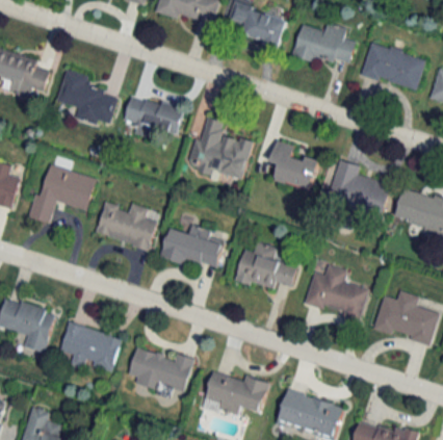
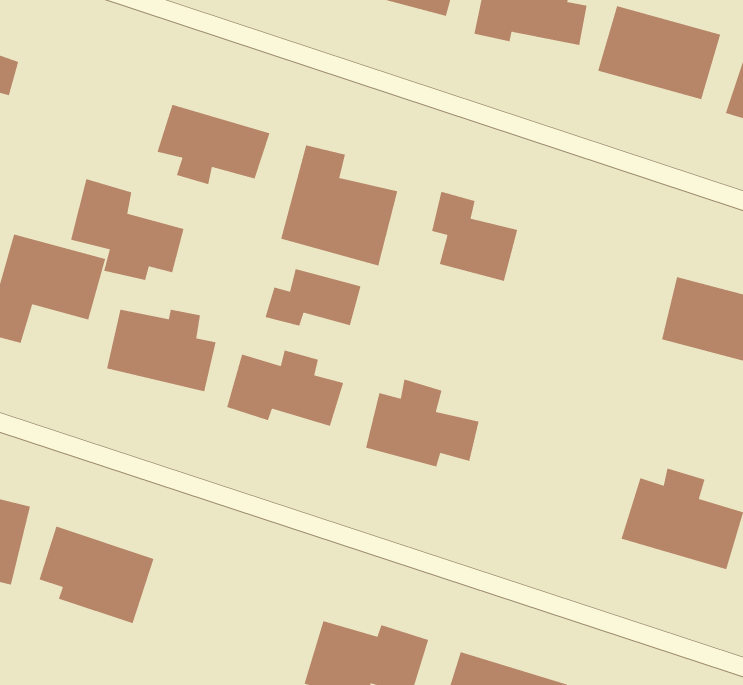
building: [56,69,118,124] -> [70,178,184,281]
building: [325,159,391,218] -> none
building: none -> [265,268,362,327]
building: [304,265,368,319] -> none
building: [128,348,192,394] -> none

